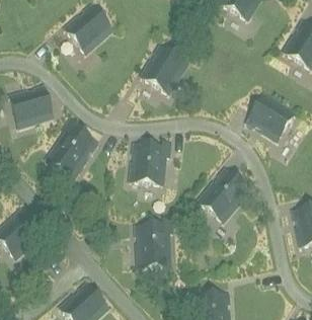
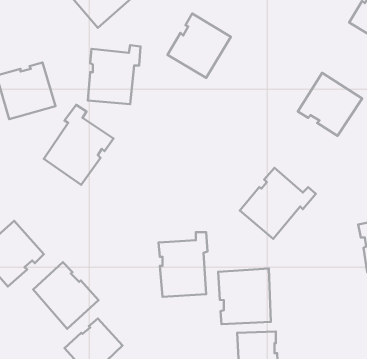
building: [132,139,173,185] -> [88,45,141,104]
building: none -> [33,262,98,329]
building: none -> [218,269,271,324]

